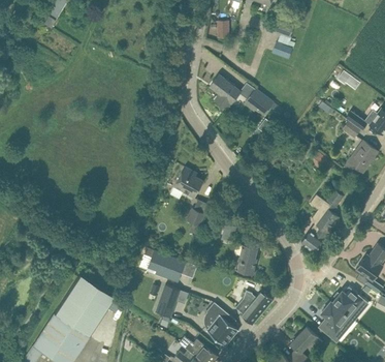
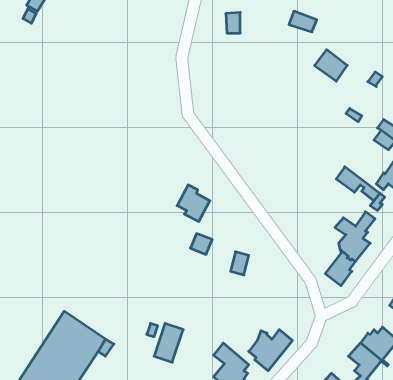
building: [210,74,239,109] -> none
building: [245,88,272,115] -> [315,50,347,81]
building: [236,244,257,274] -> none
building: [146,249,185,281] -> none

